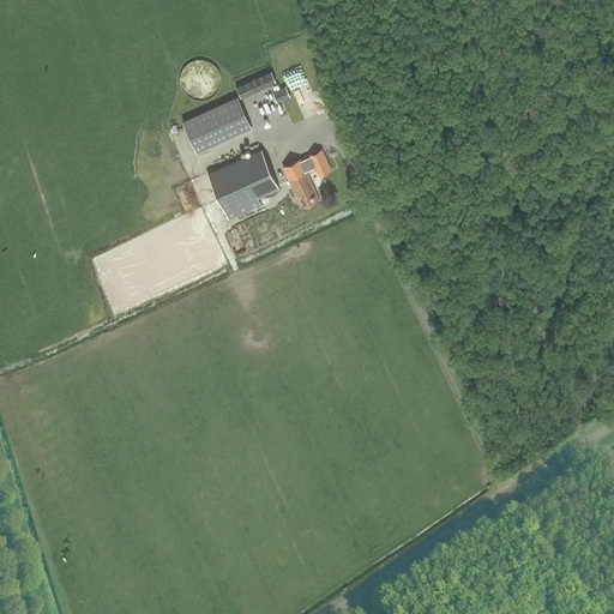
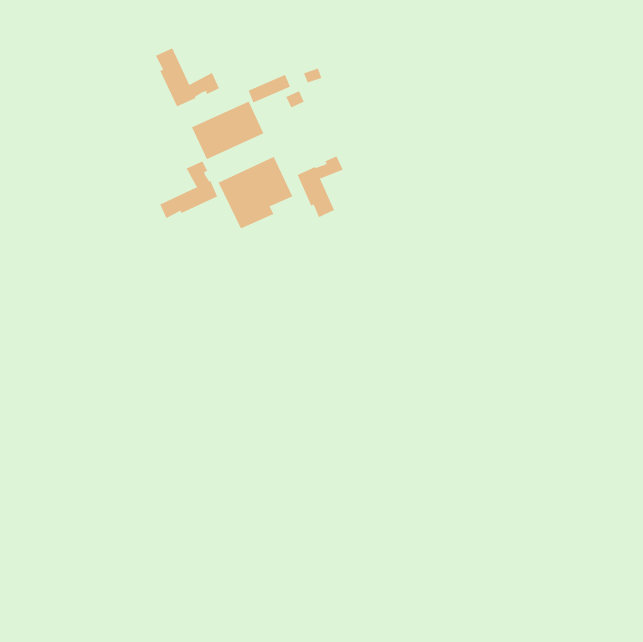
building: none -> [155,48,220,107]
building: none -> [160,161,218,219]

